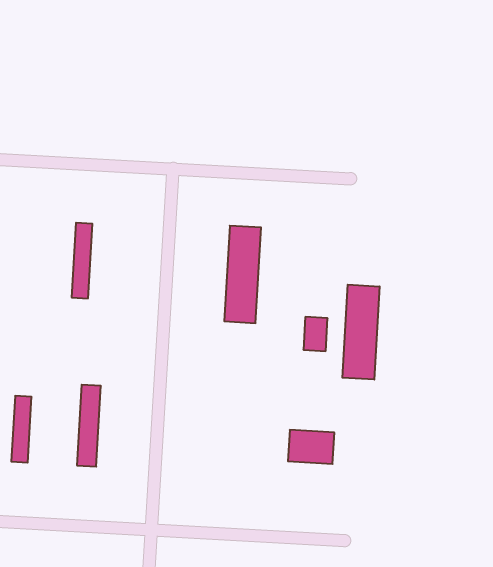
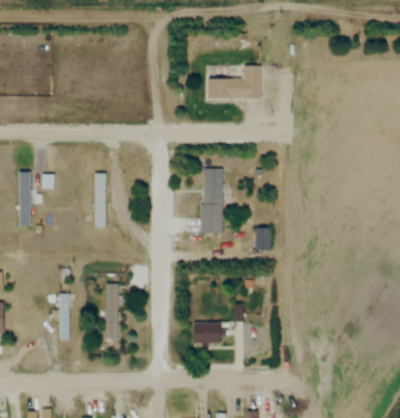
building: none -> [206,65,260,100]
building: [342,285,380,380] -> none
building: [288,430,334,464] -> [192,322,223,344]

